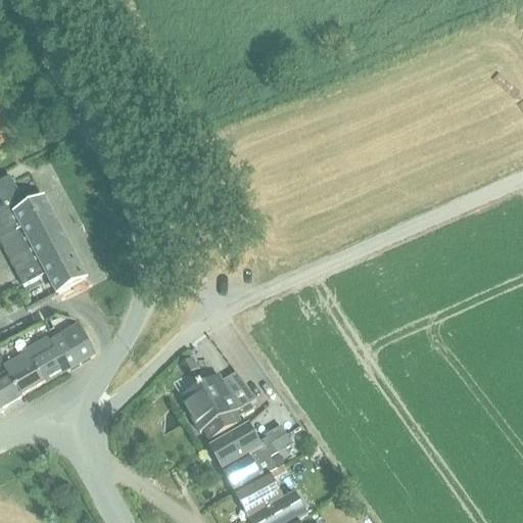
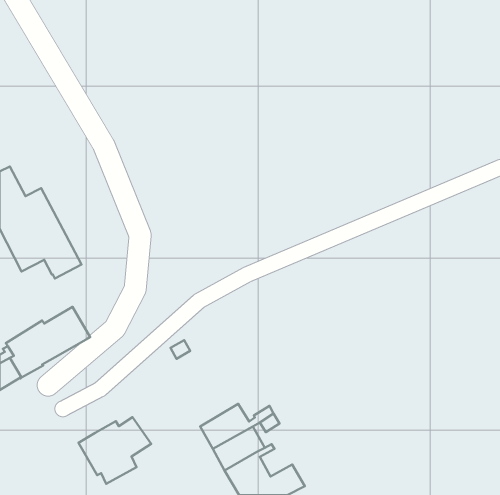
building: [180,369,255,438] -> [79,417,151,484]

